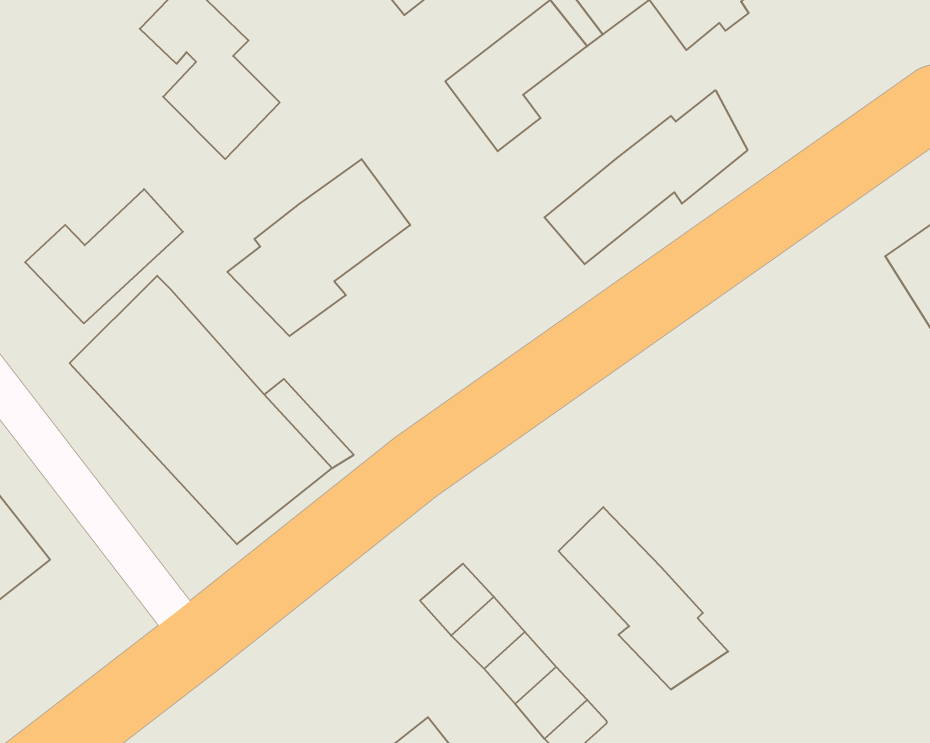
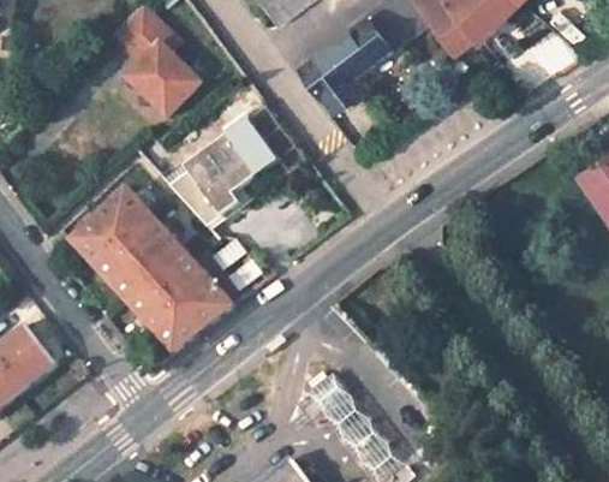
building: [544,90,747,264] -> none
building: [25,189,183,323] -> none
building: [559,507,728,690] -> none

